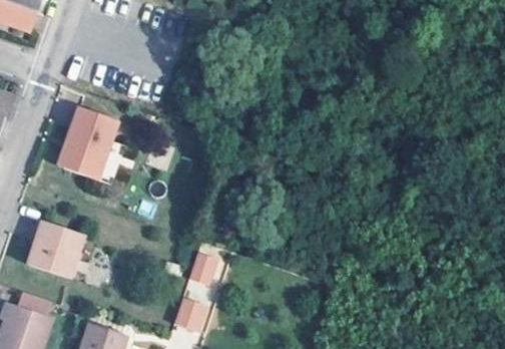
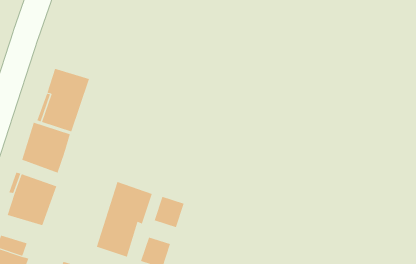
building: none -> [22,122,71,174]
building: none -> [96,181,153,257]

